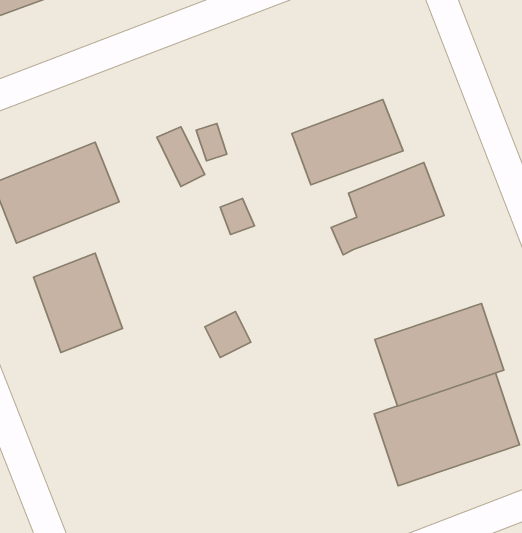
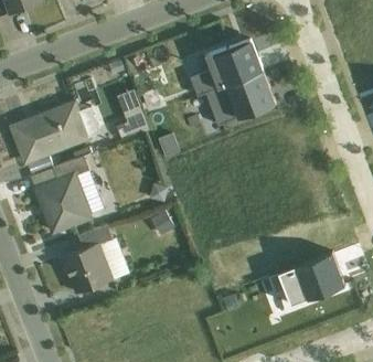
building: [331,162,444,255] -> [188,35,260,95]
building: [375,304,504,406] -> none
building: none -> [62,241,114,292]

